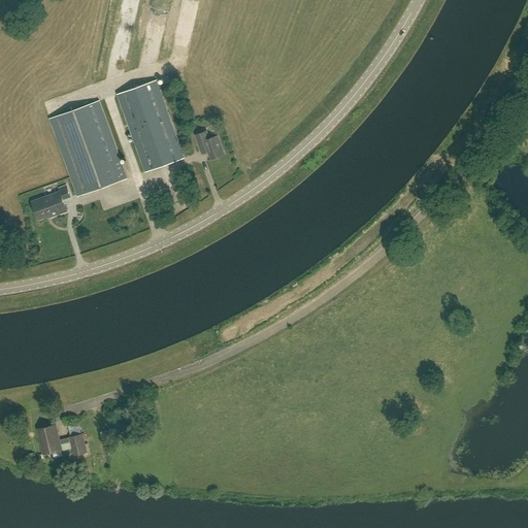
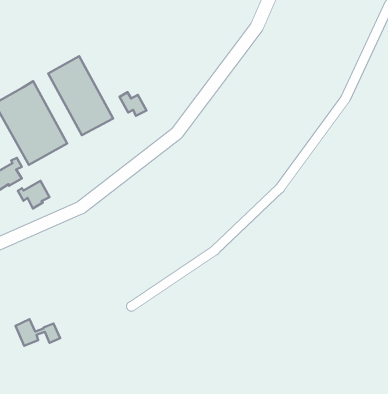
building: none -> [18,181,50,208]
building: [37,424,87,455] -> [16,319,60,346]

